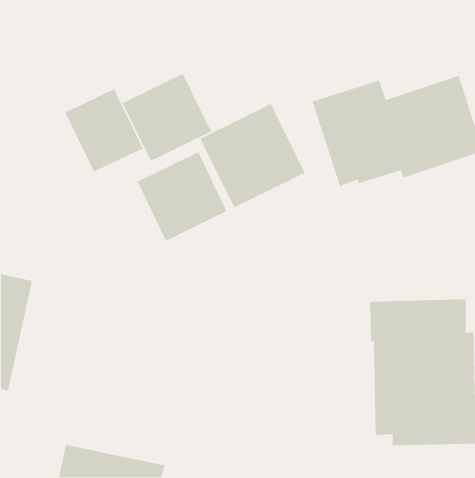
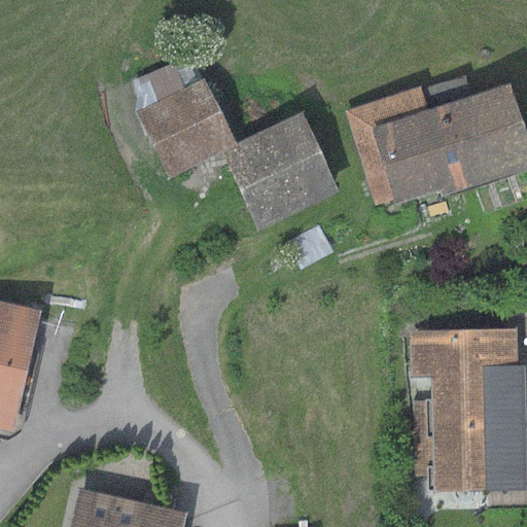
building: [64,88,144,173] -> none
building: [137,151,228,242] -> none

